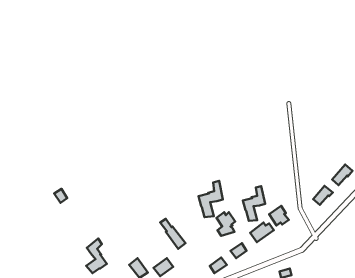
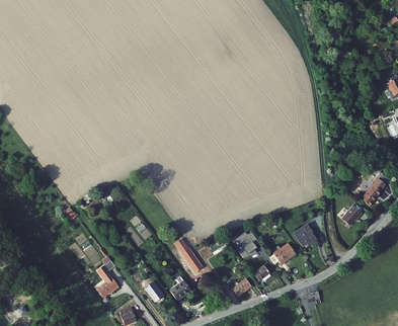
building: [198,181,223,217] -> none
building: [243,186,265,221] -> none

